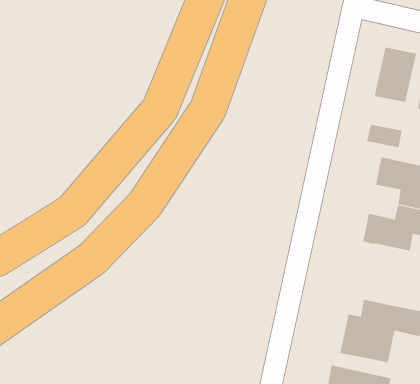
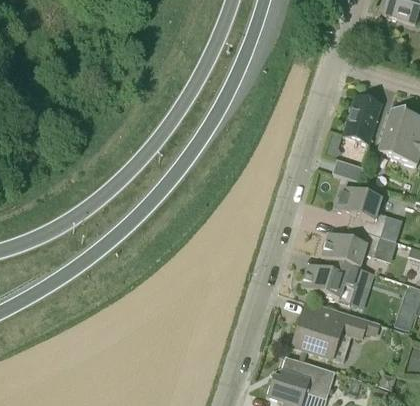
building: none -> [302,258,361,302]

